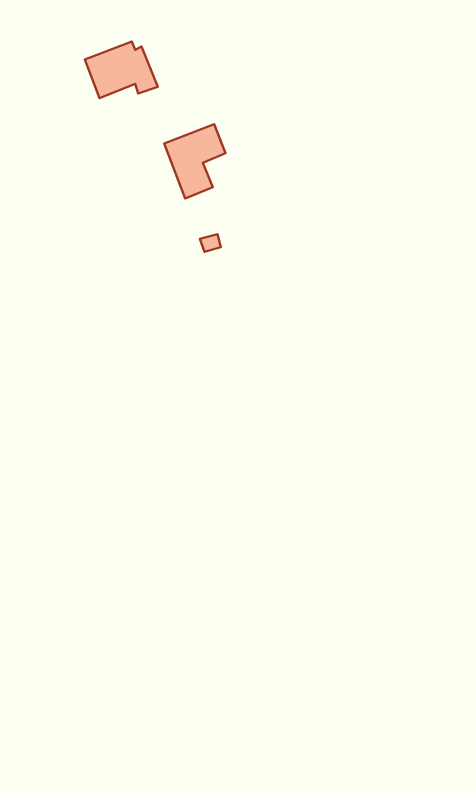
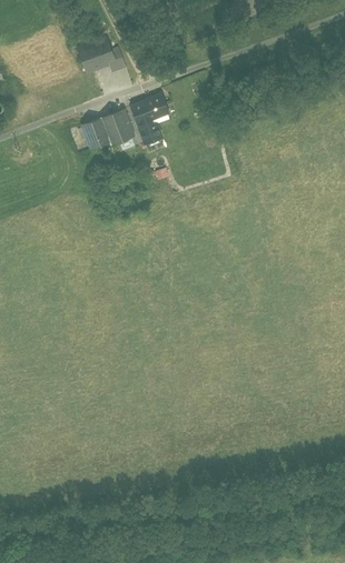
building: none -> [81,112,131,148]

